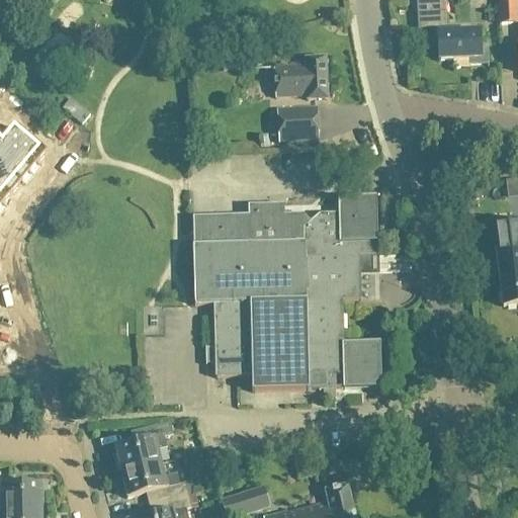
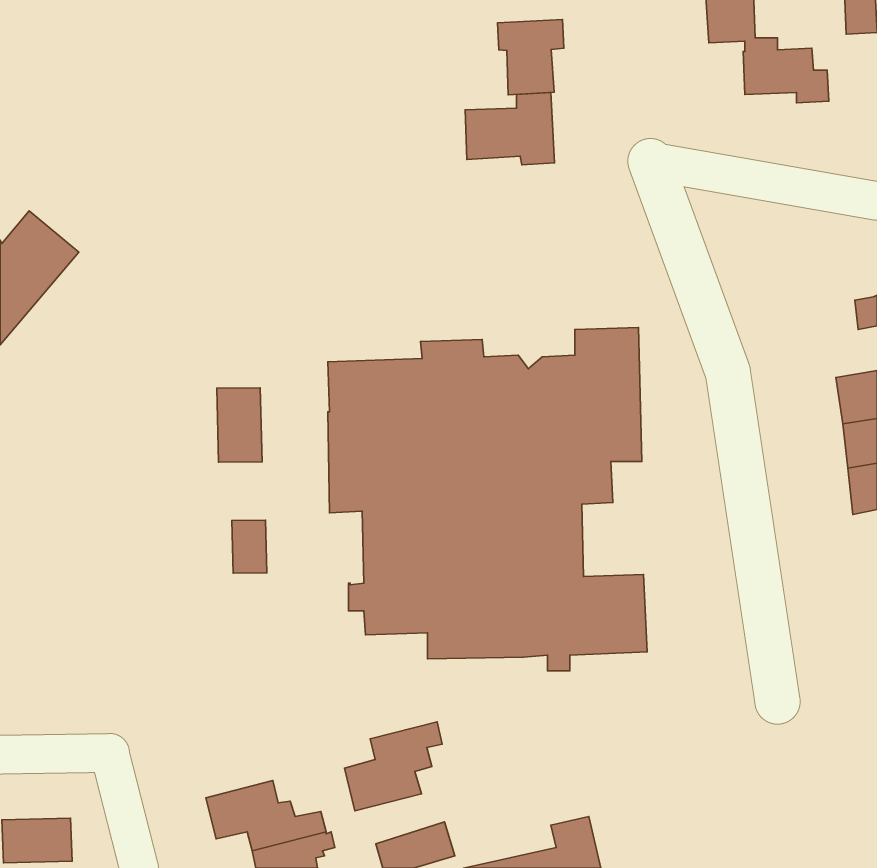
building: none -> [498,20,564,95]
building: [276,104,318,139] -> none
building: none -> [217,388,262,462]
building: none -> [232,520,267,573]
building: [115,418,173,470] -> [344,722,442,811]

